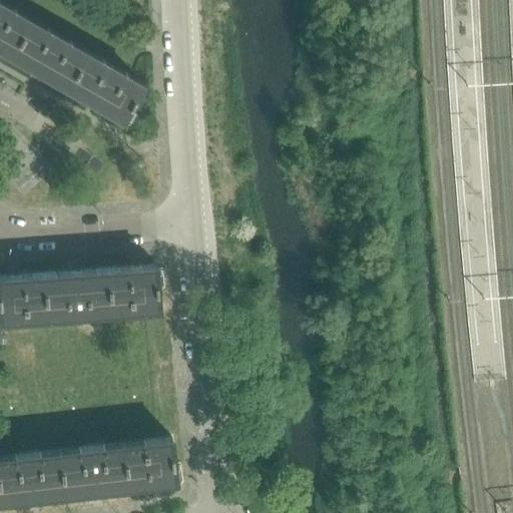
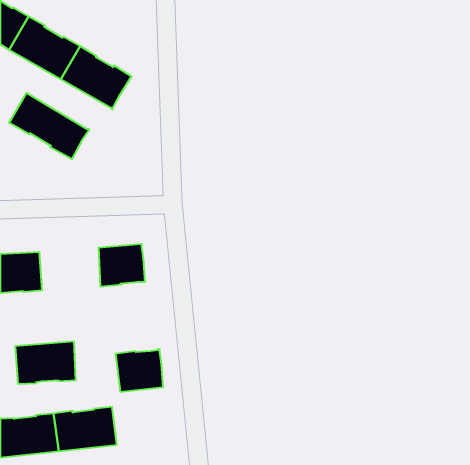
building: none -> [9,93,89,159]
building: [43,276,109,322] -> [15,342,76,384]
building: [122,444,174,490] -> [115,349,163,392]

